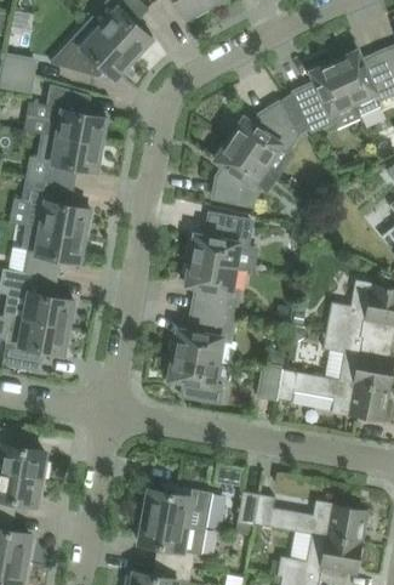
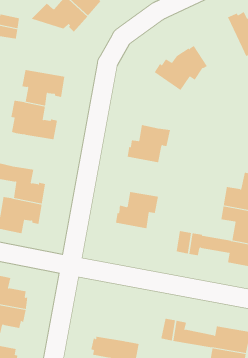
building: [286,59,354,131] -> none
building: [42,91,107,144] -> none
building: [213,138,267,205] -> none
building: [23,226,85,278] -> none
building: [185,260,239,317] -> none
building: [169,354,222,403] -> none
building: [142,483,211,528] -> none

